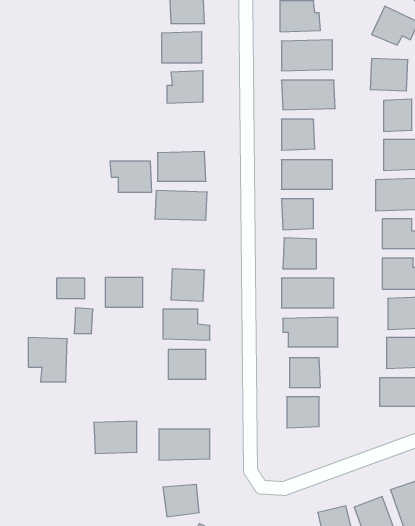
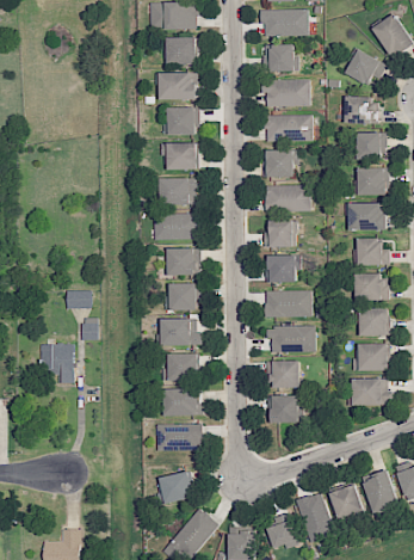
building: [110,161,152,192] -> [160,142,197,170]
building: [105,277,143,307] -> [167,248,200,275]
building: [94,421,137,454] -> [163,387,202,416]

